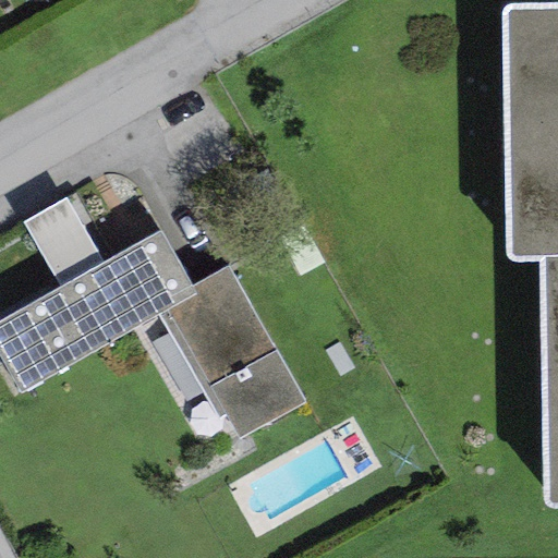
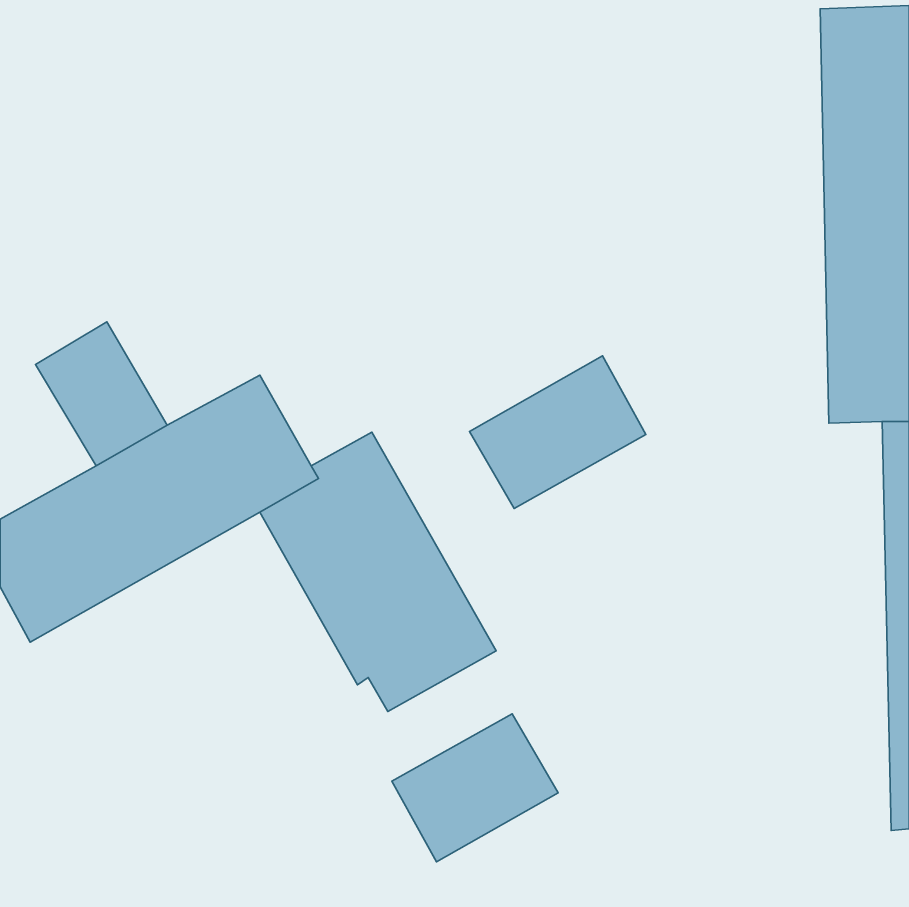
building: none -> [469,356,646,508]
building: none -> [392,714,558,862]

